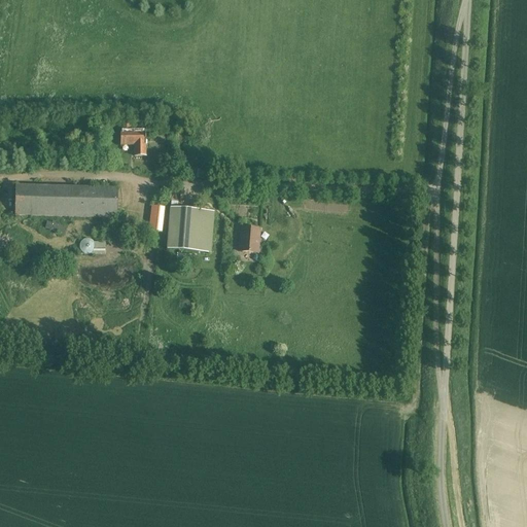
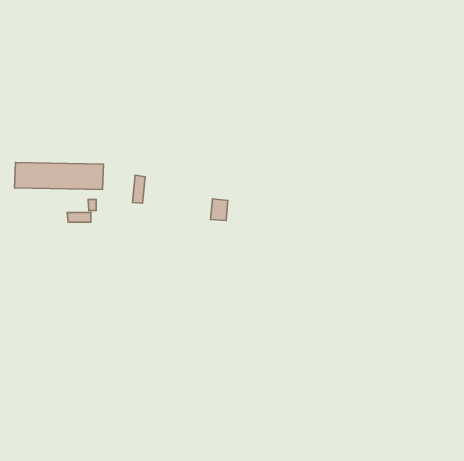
building: [118,120,146,155] -> none
building: [166,206,213,251] -> none

